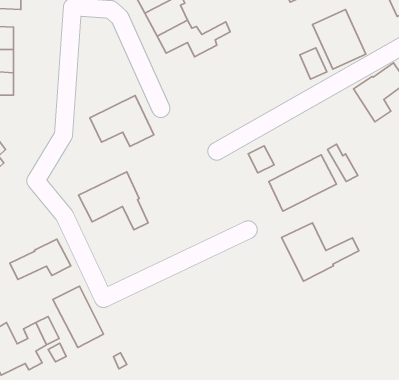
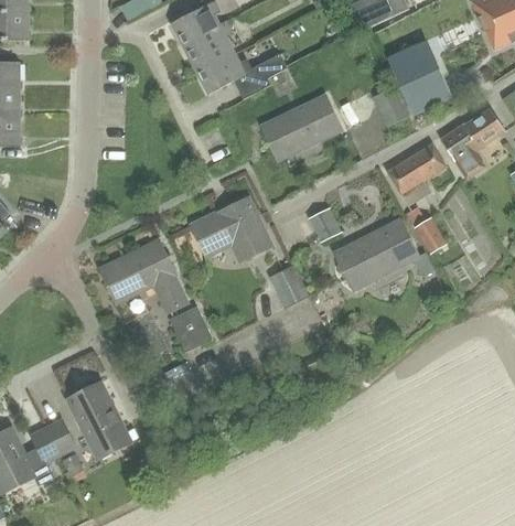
building: none -> [261,96,341,159]
building: none -> [387,143,446,206]
building: [90,96,154,146] -> [191,197,270,260]
building: none -> [268,267,309,307]
building: [282,223,359,281] -> none
building: none -> [169,305,213,352]
building: [10,239,71,280] -> none

